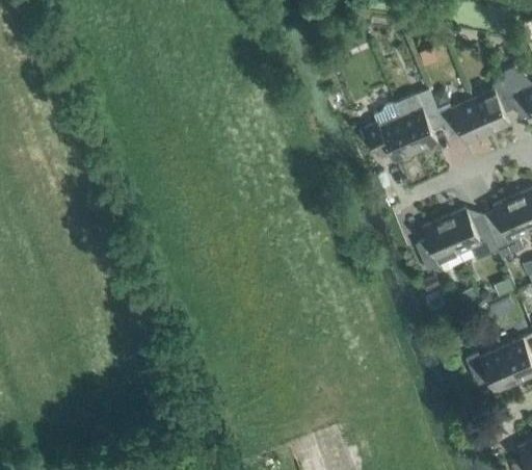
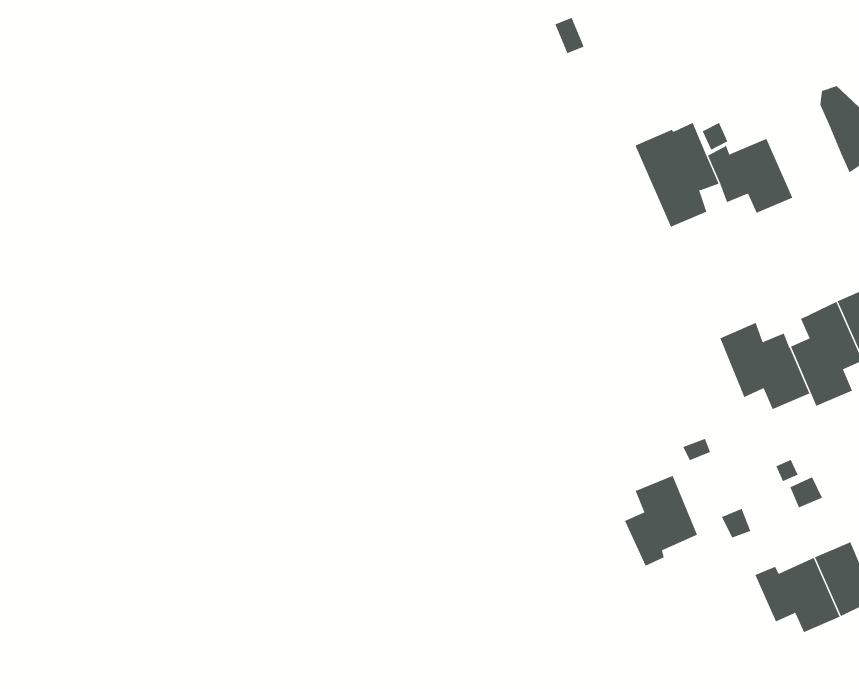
building: [476,79,520,134] -> none
building: [368,102,419,161] -> none
building: [419,217,462,271] -> [624,475,698,566]

